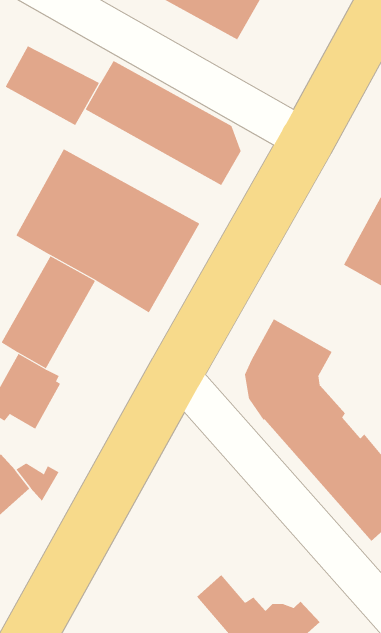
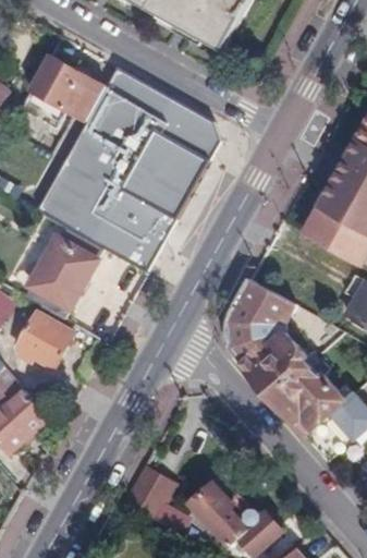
building: none -> [76,108,205,201]
building: none -> [123,464,174,519]

